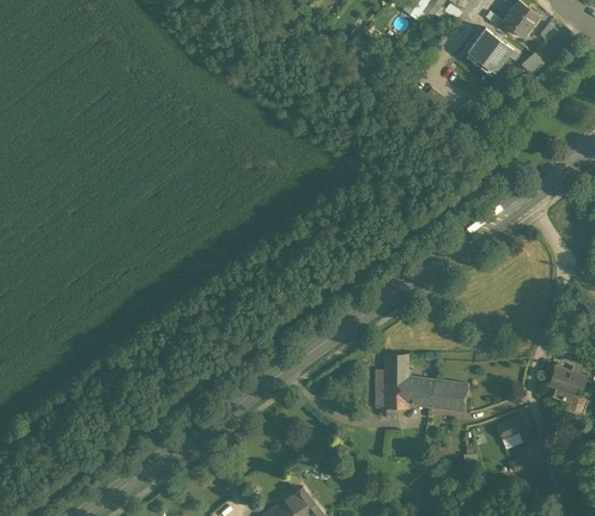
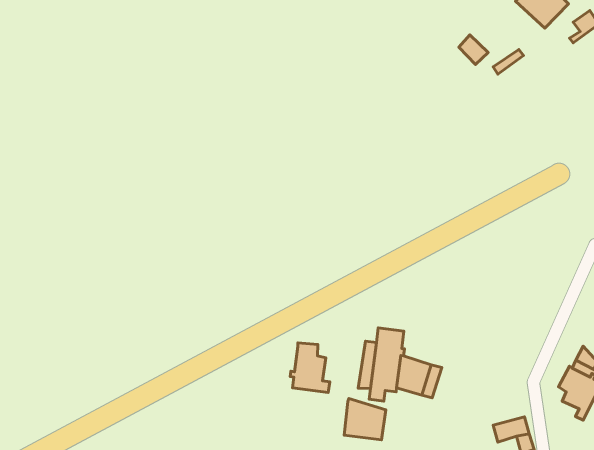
building: none -> [290,343,330,393]
building: [439,381,466,412] -> none
building: none -> [344,398,386,440]

